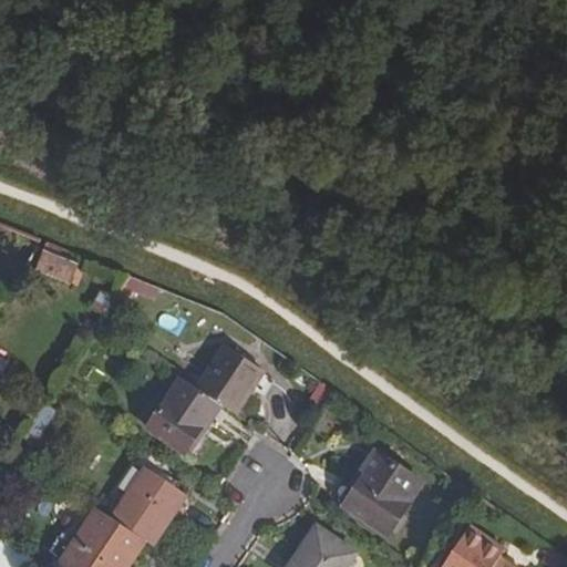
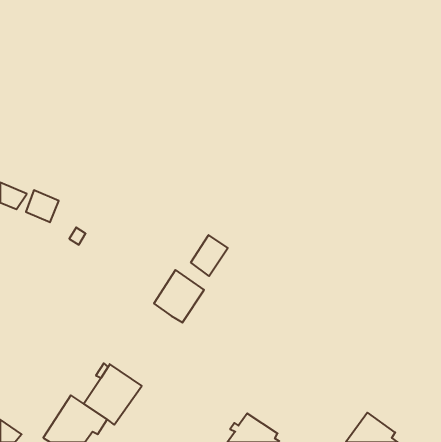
building: none -> [191,235,228,276]
building: [147,378,220,452] -> none
building: [347,456,422,539] -> none

